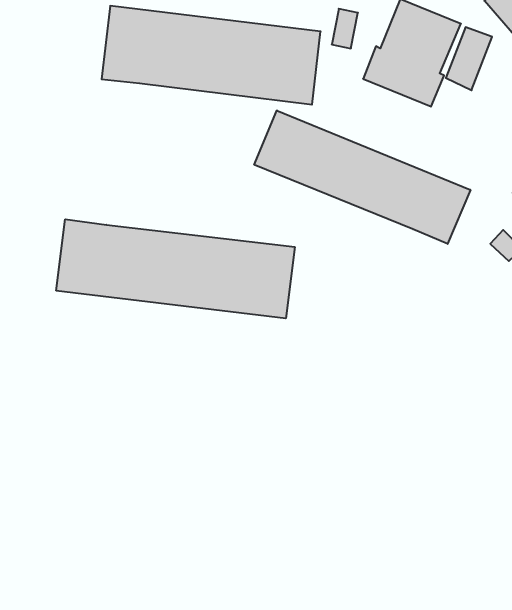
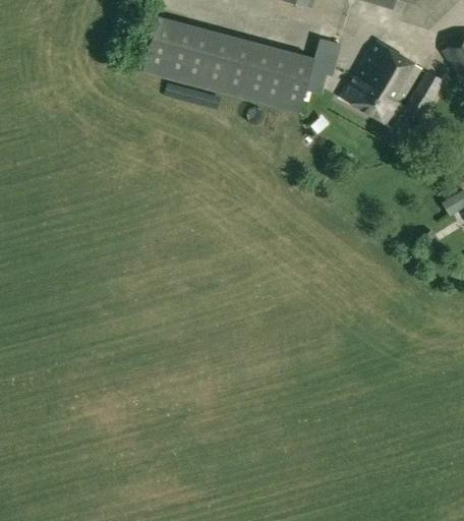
building: [254,110,470,244] -> none
building: [56,219,295,318] -> none

